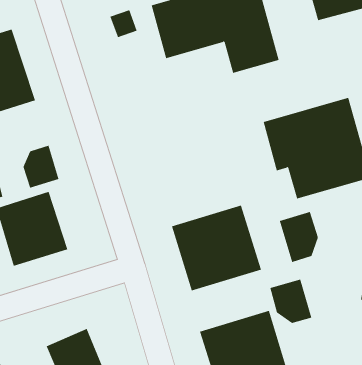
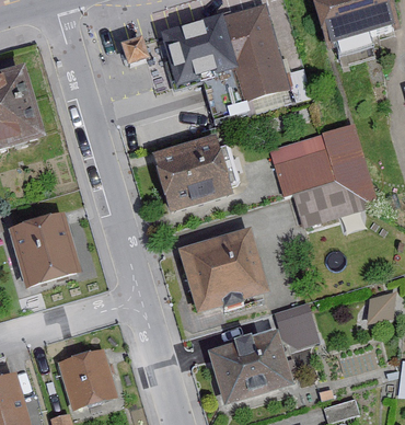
building: none -> [152,138,231,211]
building: [23,145,59,188] -> none
building: [279,211,318,263] -> none

